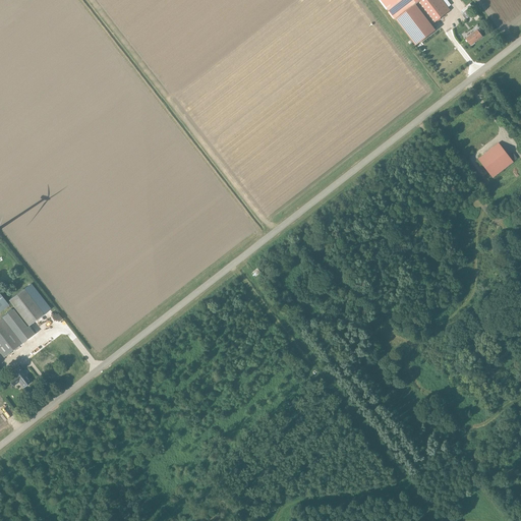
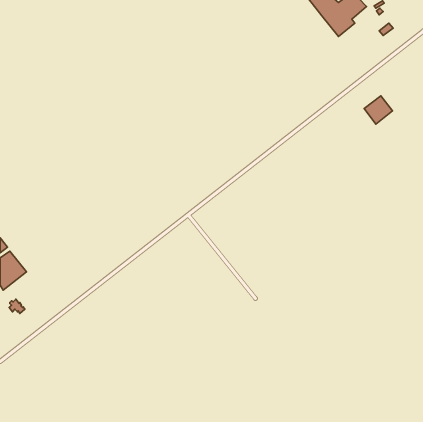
building: [479,141,514,176] -> [364,96,392,124]
building: [10,287,45,324] -> none

